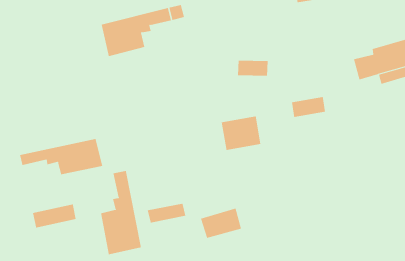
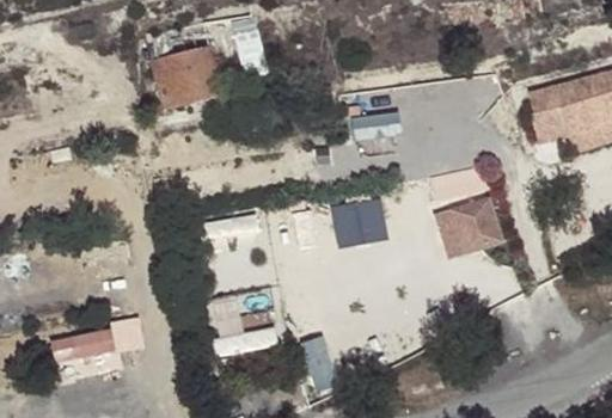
building: none -> [449,195,495,245]
building: [20,138,103,175] -> none
building: [100,170,142,255] -> none

